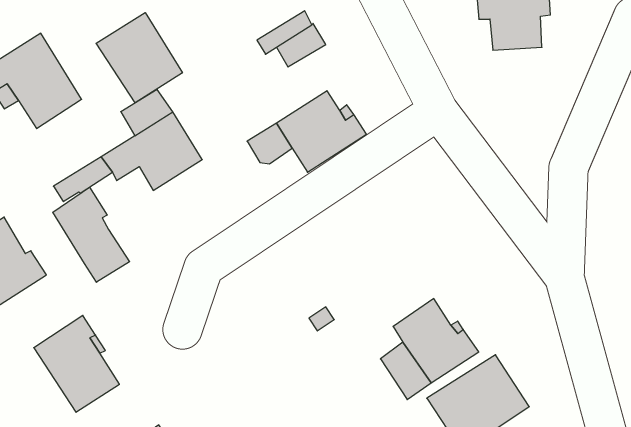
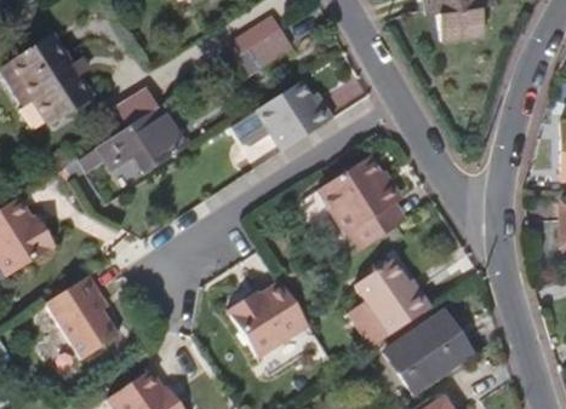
building: [96,13,182,103] -> none
building: none -> [318,159,405,252]
building: [53,187,130,282] -> none
building: none -> [225,281,307,358]

